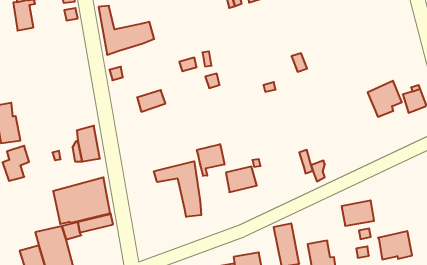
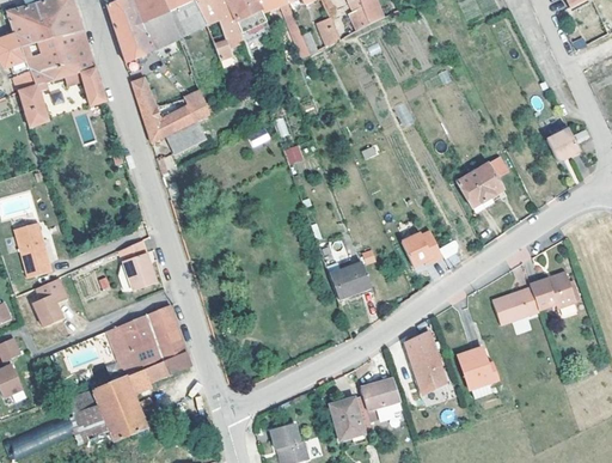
building: [368,81,402,117] -> [457,162,503,212]
building: [137,90,165,112] -> [166,121,204,153]
building: [197,144,224,176] -> none
building: none -> [403,231,433,264]
building: [154,161,201,217] -> none
building: [378,231,412,259] -> [524,267,571,309]

